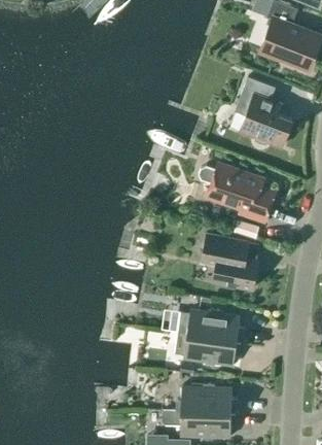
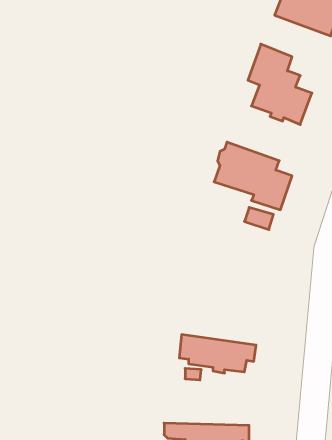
building: [201,233,257,288] -> none
building: [177,308,245,341] -> none
building: [162,383,238,412] -> none

